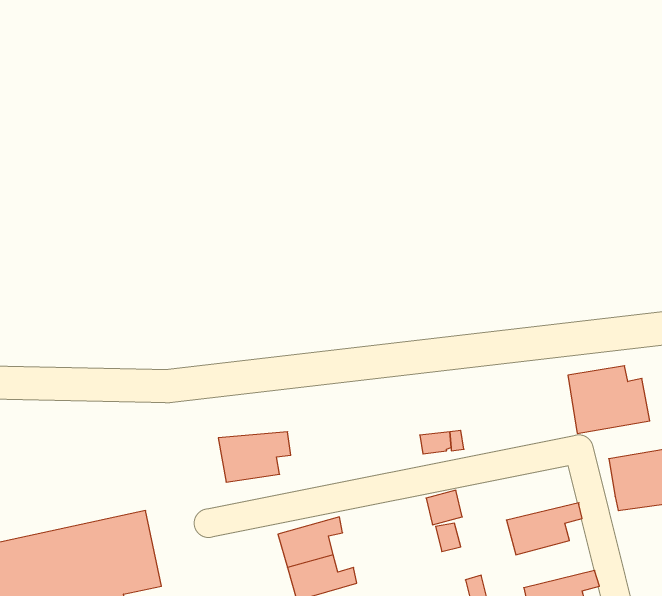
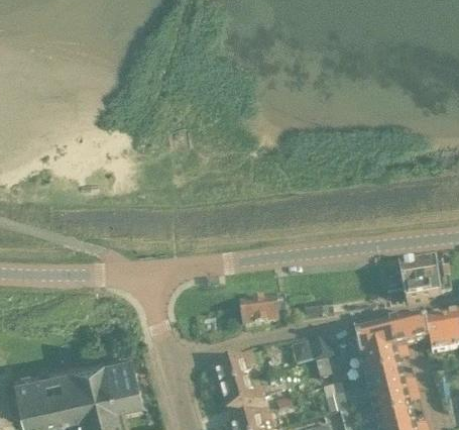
building: [218,432,291,482] -> [238,295,284,327]
building: none -> [354,317,429,357]
building: none -> [365,370,416,401]

